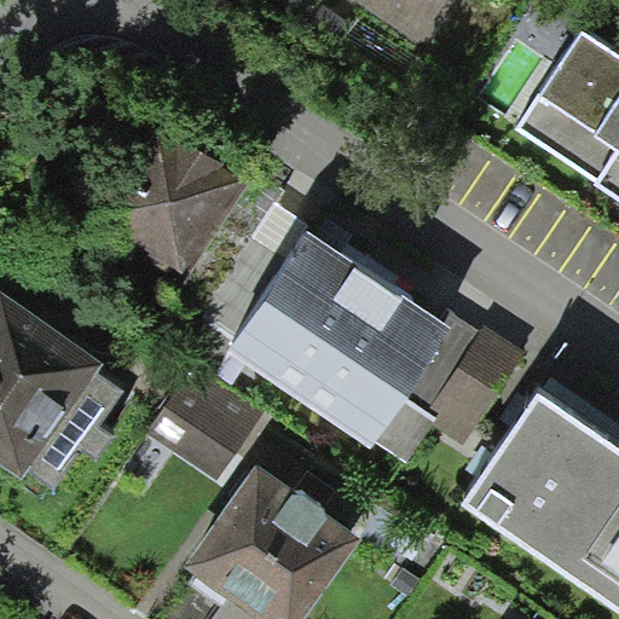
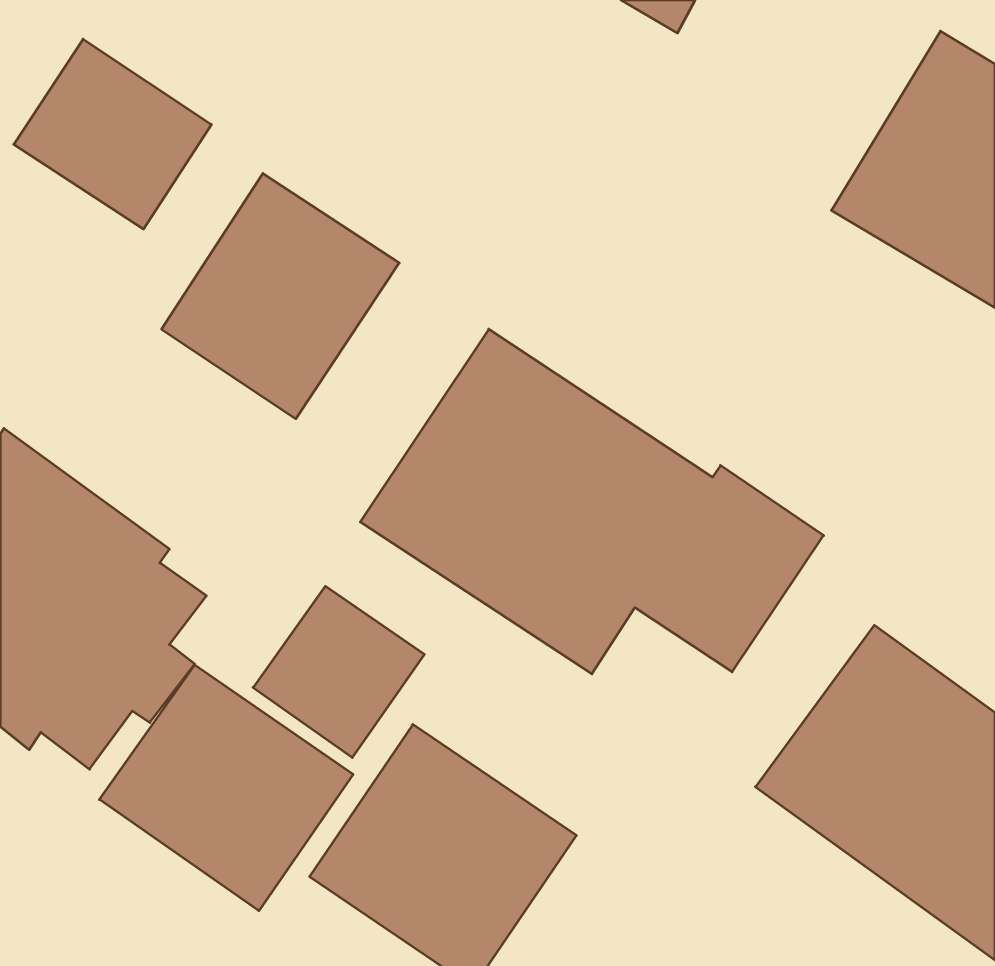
building: none -> [14,39,211,229]
building: none -> [99,665,353,911]

